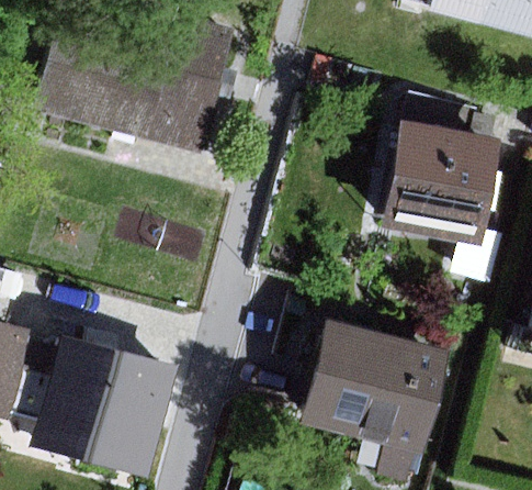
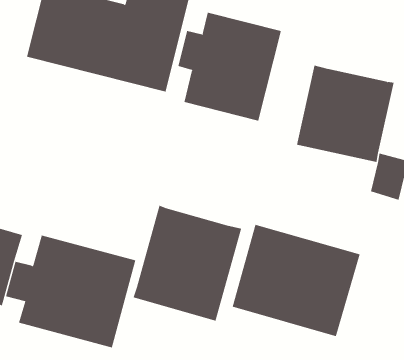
building: none -> [178,12,282,121]
building: none -> [133,205,242,321]

